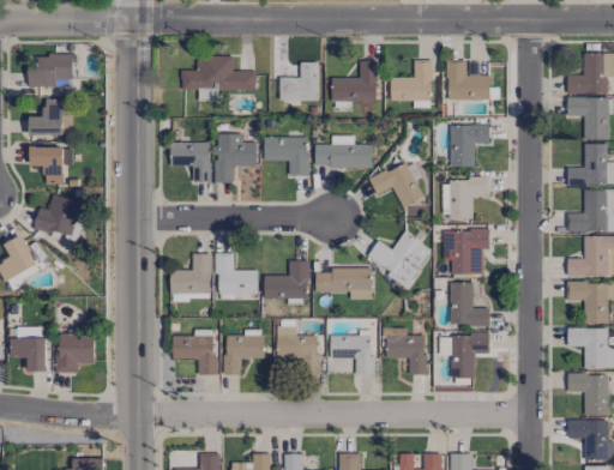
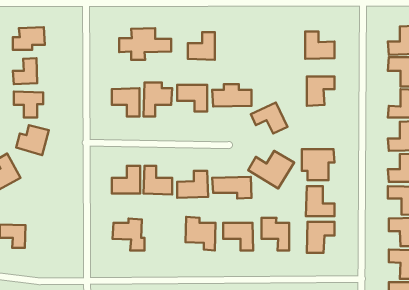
building: [332,60,378,101] -> none
building: [391,60,433,101] -> none
building: [444,177,490,217] -> none
building: [58,333,96,373] -> none
building: [225,335,265,374] -> none

